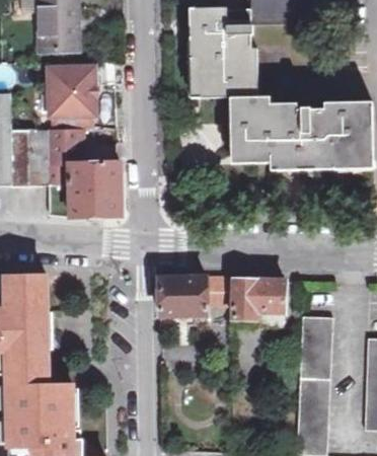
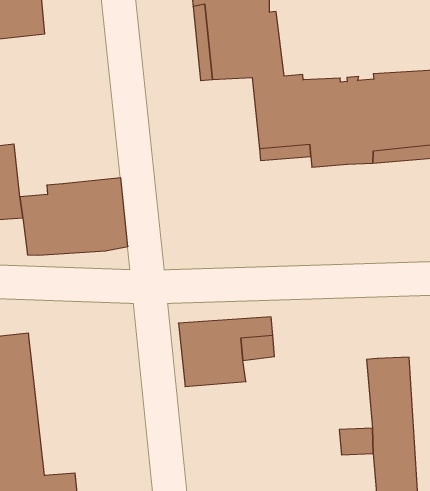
building: [49,67,94,116] -> none
building: [46,130,80,170] -> none
building: [233,280,284,318] -> none

